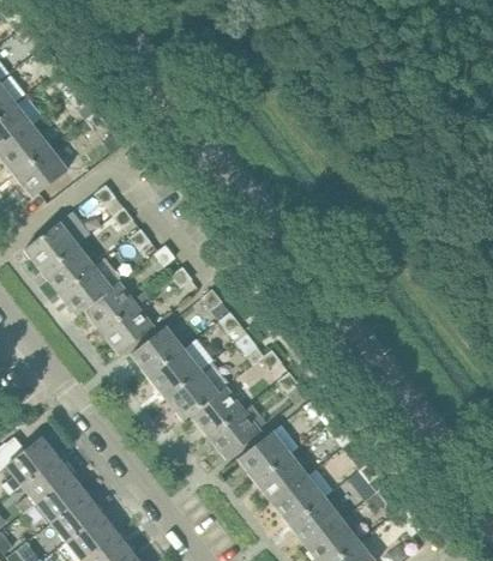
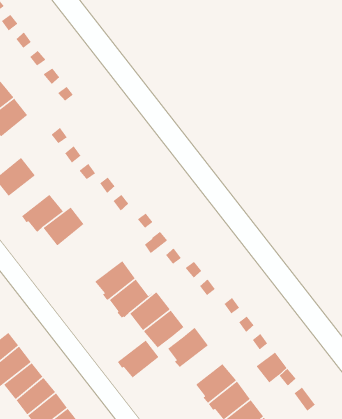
building: [41,243,94,292] -> none
building: [103,303,154,352] -> none
building: [132,325,184,376] -> none
building: [254,453,307,501] -> [117,340,160,379]

